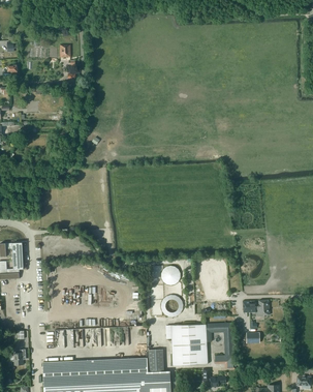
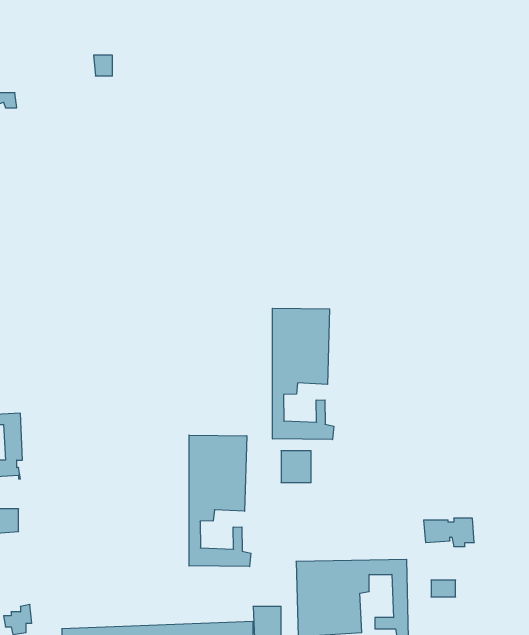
building: none -> [273,308,334,440]
building: none -> [189,435,251,567]

